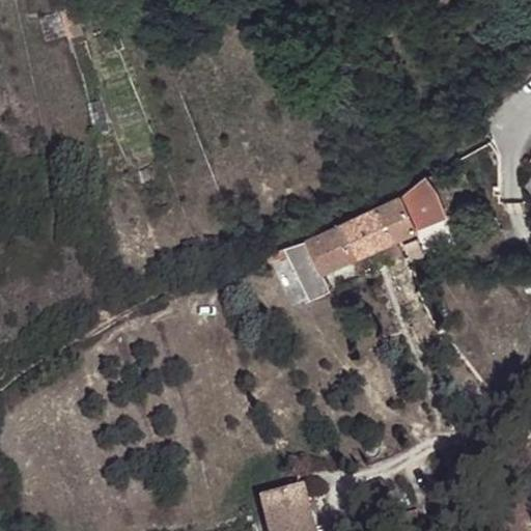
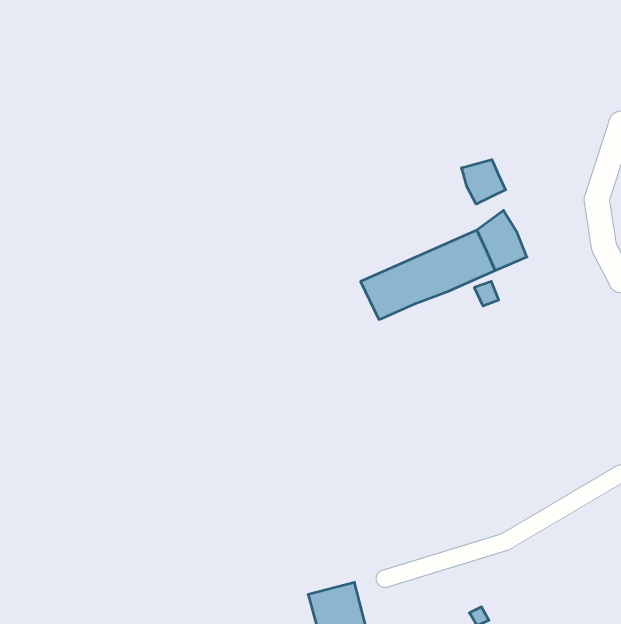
building: none -> [462,160,506,204]
building: [267,240,331,296] -> none

